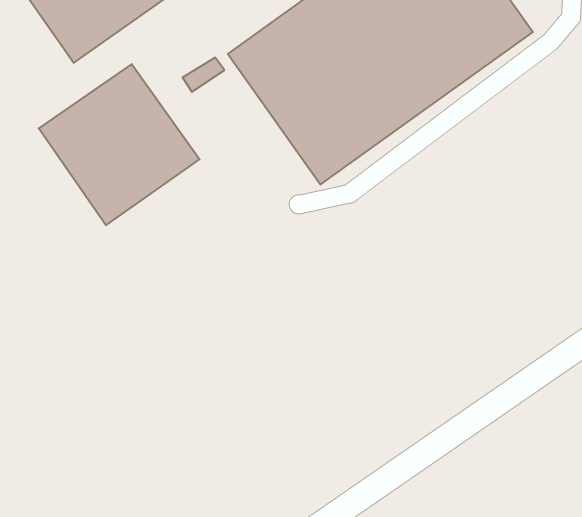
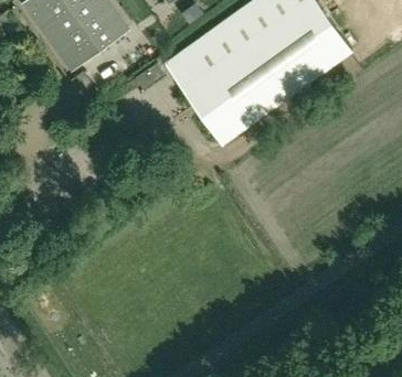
building: [39,64,200,225] -> none

